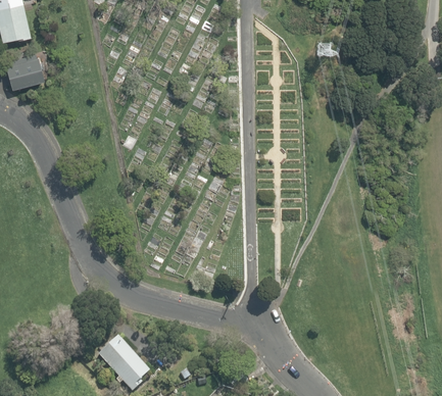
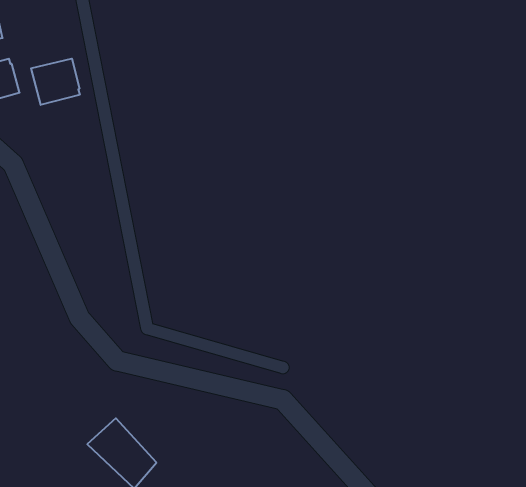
building: none -> [31,59,80,105]

